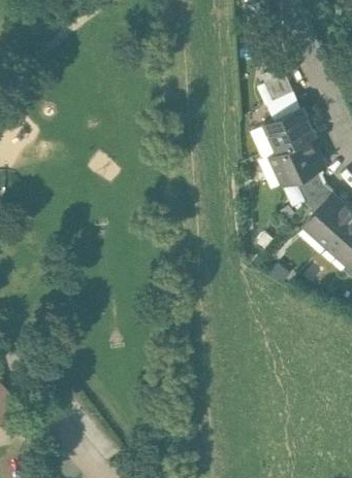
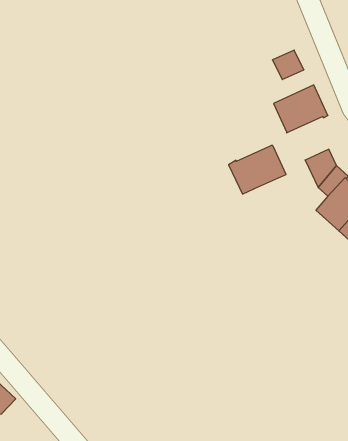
building: [269,138,324,184] -> [229,145,286,194]

